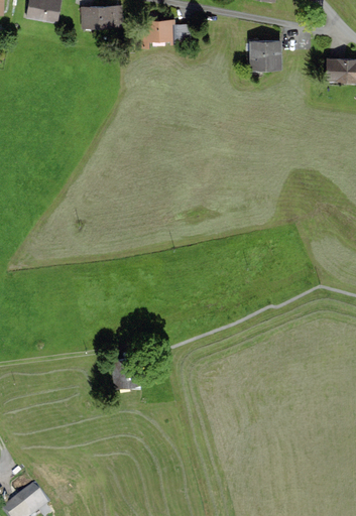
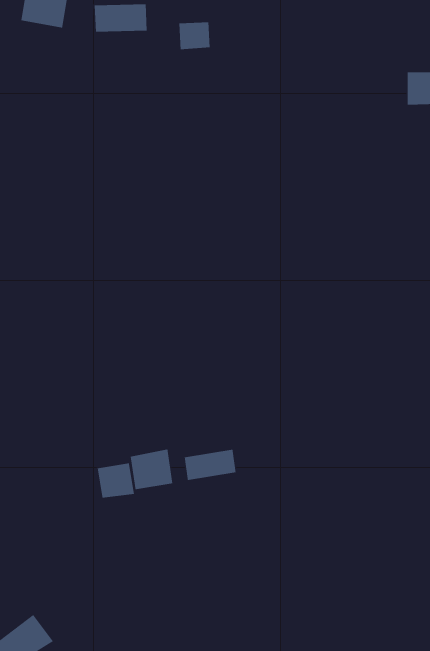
building: [249,39,284,70] -> none
building: none -> [184,449,236,481]
building: none -> [97,462,134,498]

